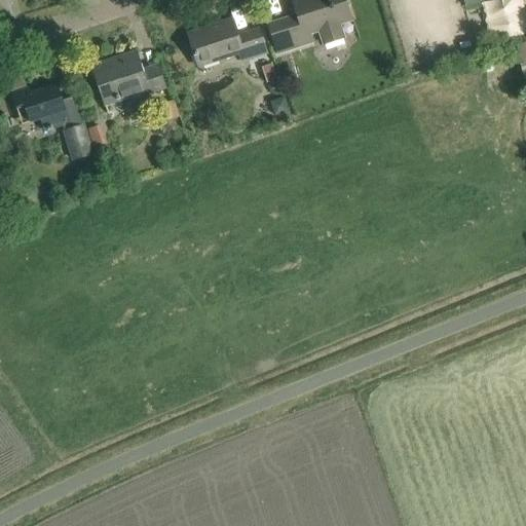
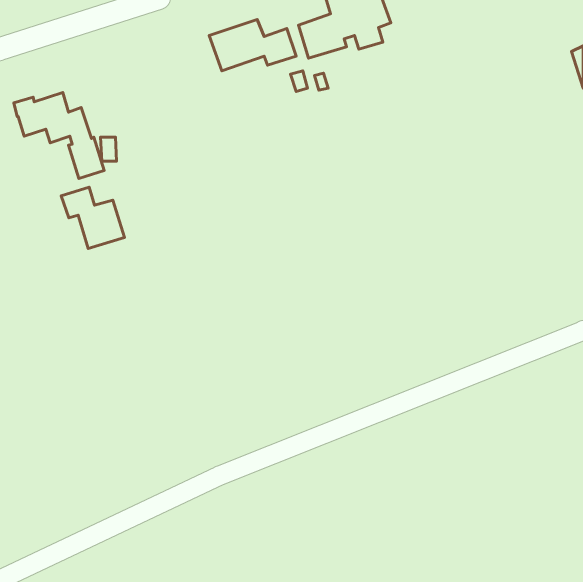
building: [91,48,164,100] -> none
building: none -> [61,187,125,249]

